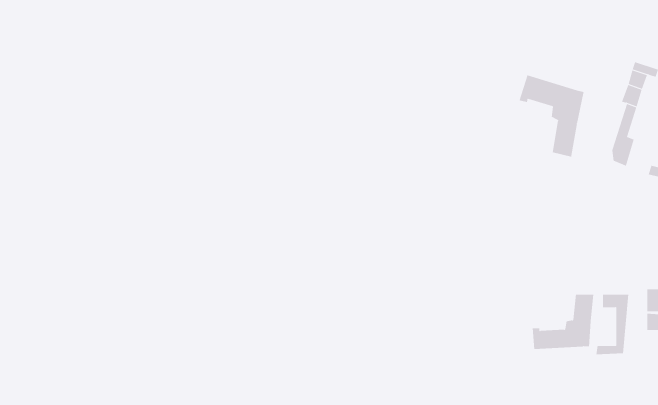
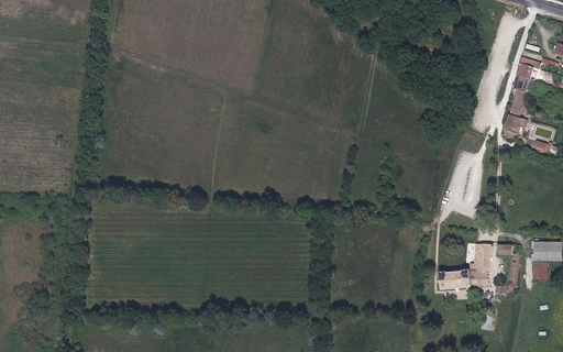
building: [519,74,584,158] -> none

